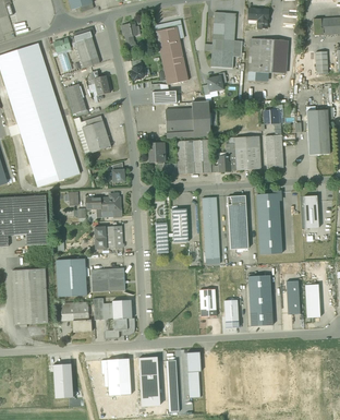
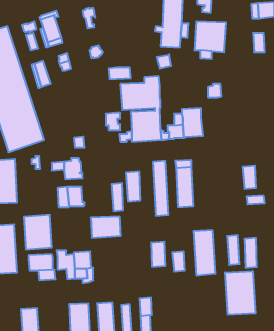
building: [154,20,189,84] -> none
building: [306,109,329,155] -> none
building: [77,115,111,154] -> none
building: [265,134,283,168] -> none
building: [256,193,281,254] -> none
building: [90,268,124,292] -> [91,217,121,238]
building: none -> [225,271,256,315]

